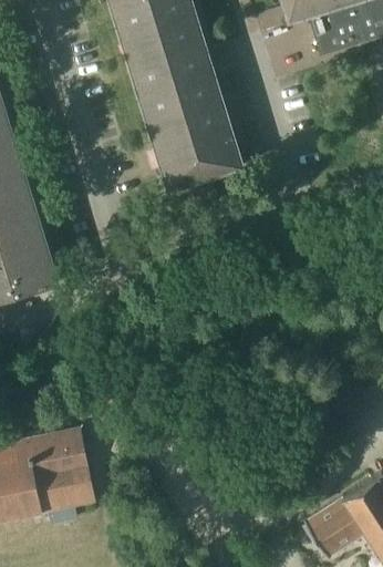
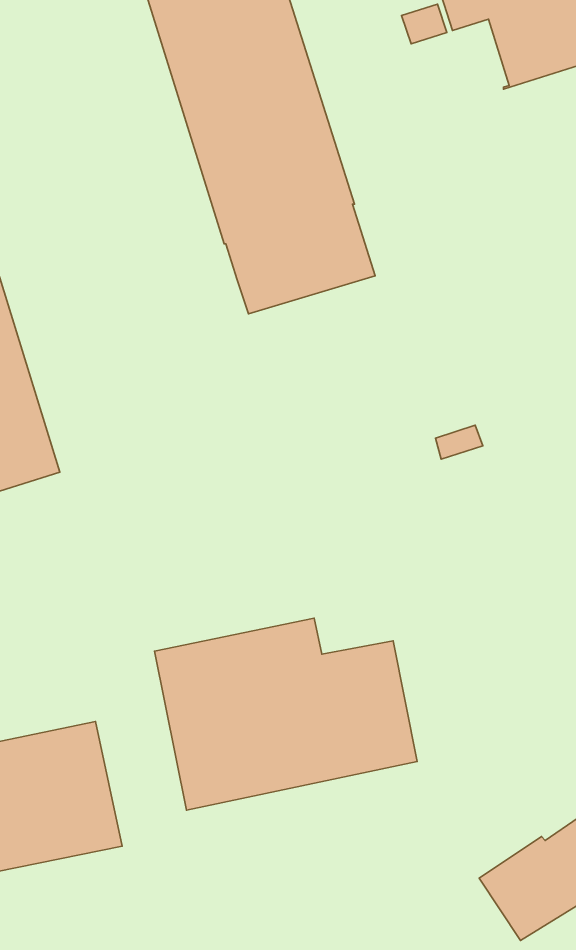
building: none -> [154,618,417,810]

